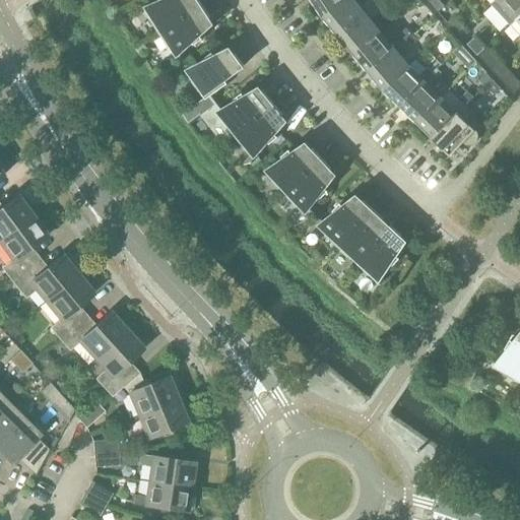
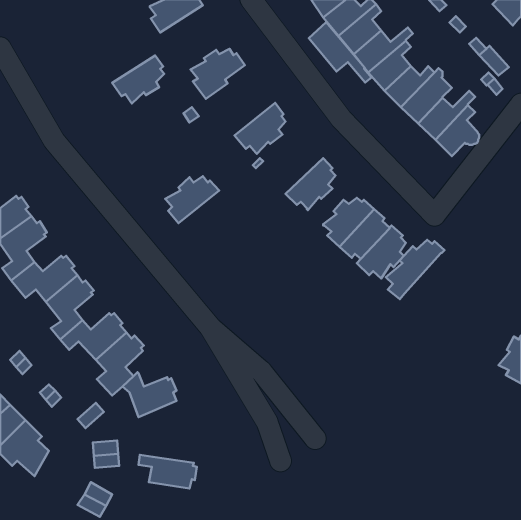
building: [159,5,211,53] -> [112,55,164,103]
building: none -> [309,22,371,83]
building: [220,88,274,135] -> [165,176,219,223]
building: [269,144,322,193] -> none
building: none -> [386,240,444,299]
building: [138,399,188,438] -> none
building: [133,480,192,511] -> none

